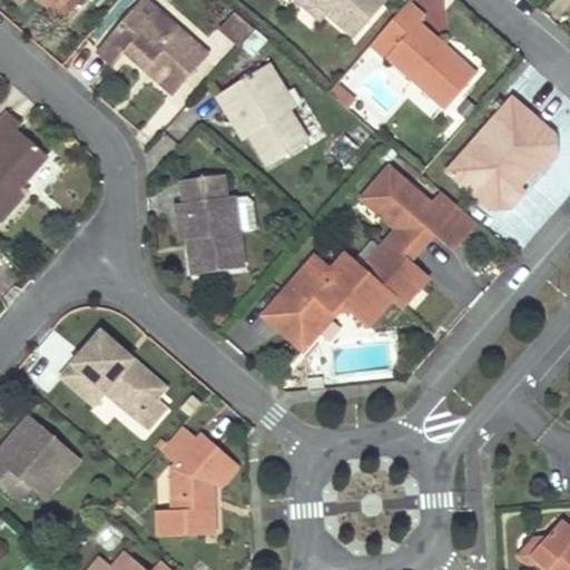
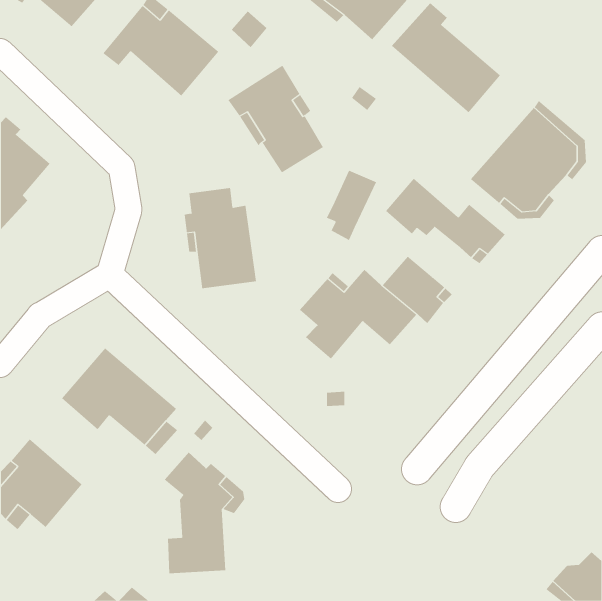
building: none -> [326,170,377,241]
building: [385,215,434,262] -> none
building: [264,293,313,351] -> none

